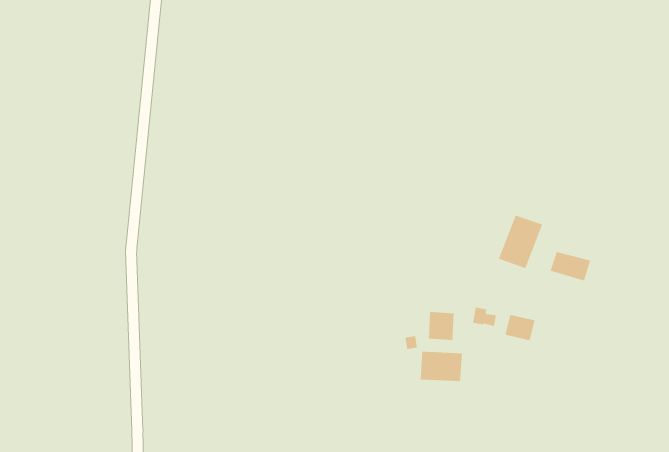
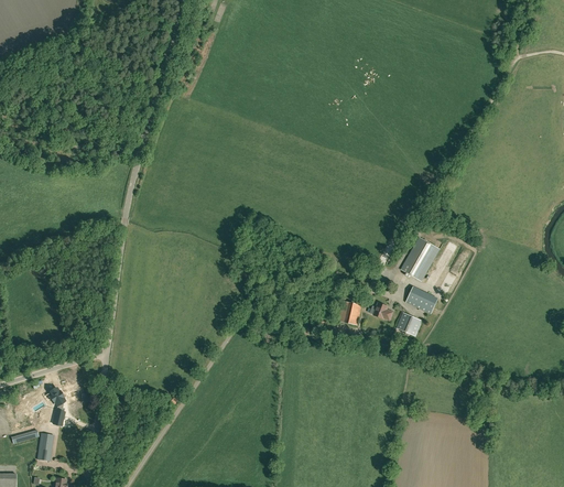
building: [549,251,591,282] -> [405,286,438,313]
building: [420,351,463,382] -> none

